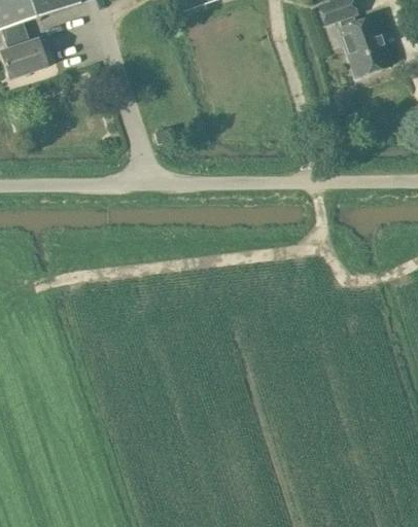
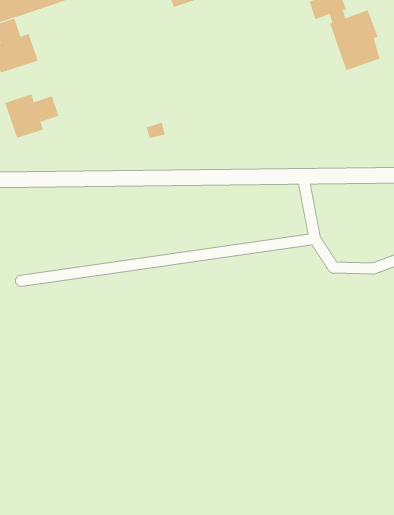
building: none -> [5,94,59,139]

